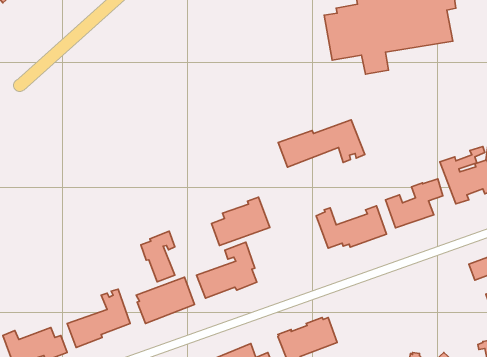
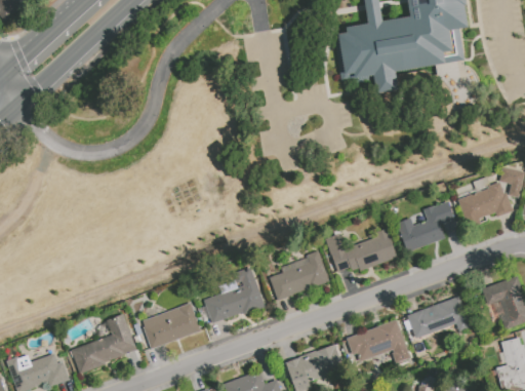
building: [278,120,365,167] -> none
building: [211,197,270,245] -> [270,250,329,300]
building: [141,231,175,282] -> none
building: none -> [406,296,471,339]
building: none -> [346,319,409,363]

